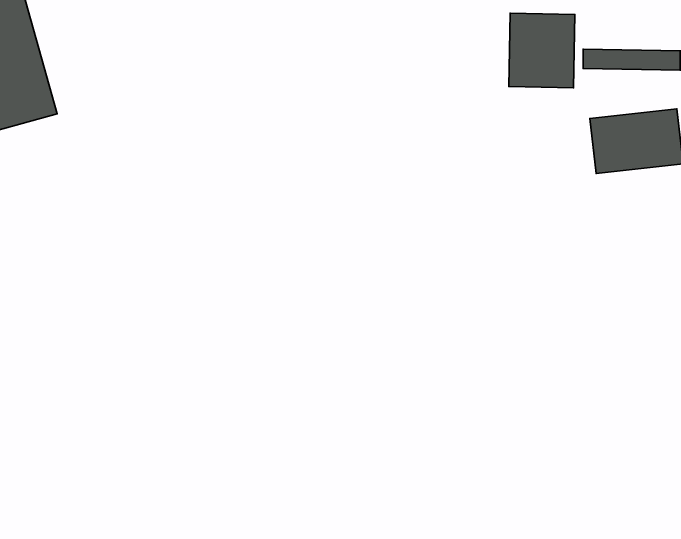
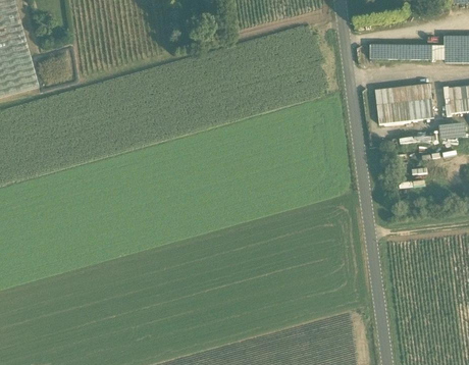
building: [509,13,575,88] -> none

